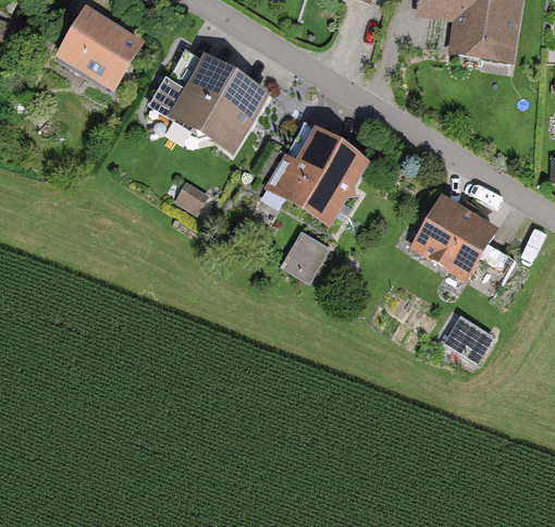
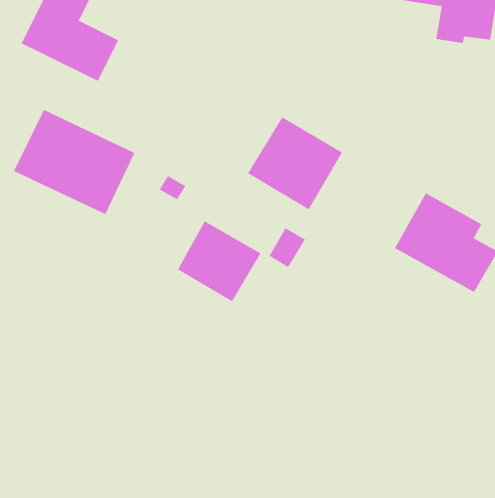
building: [146,49,268,155] -> [13,109,135,215]
building: none -> [177,221,261,302]
building: [449,321,493,358] -> none

